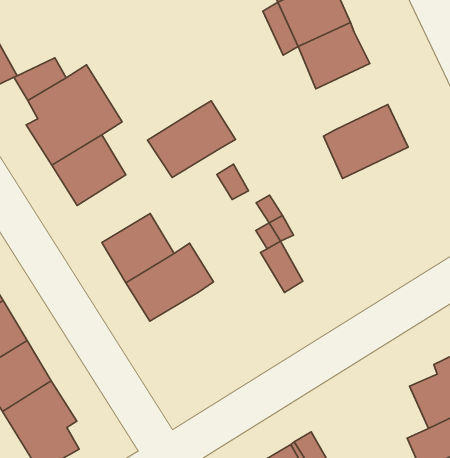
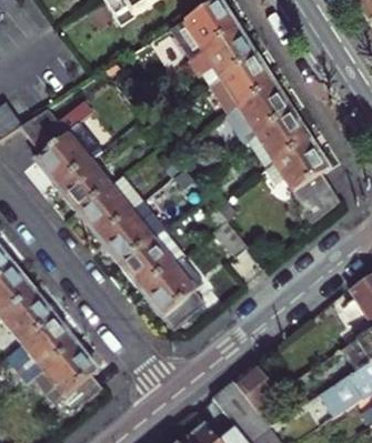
building: none -> [239,84,292,135]
building: [148,101,236,177] -> [78,180,141,239]
building: none -> [267,141,339,226]
building: none -> [141,265,205,330]

